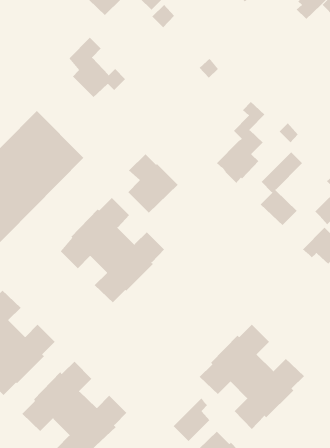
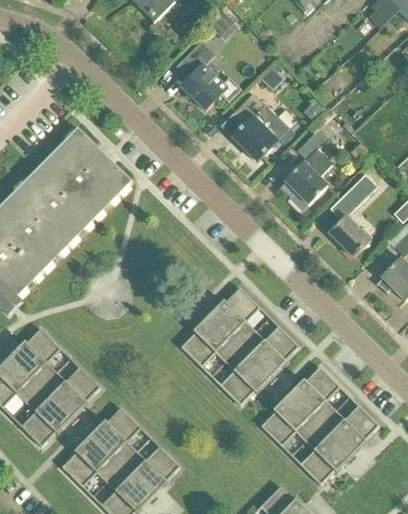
building: [68,37,126,98] -> [176,42,240,110]
building: [127,153,179,214] -> [231,93,288,161]
building: [60,197,165,303] -> [180,287,297,406]
building: [173,398,210,442] -> none

